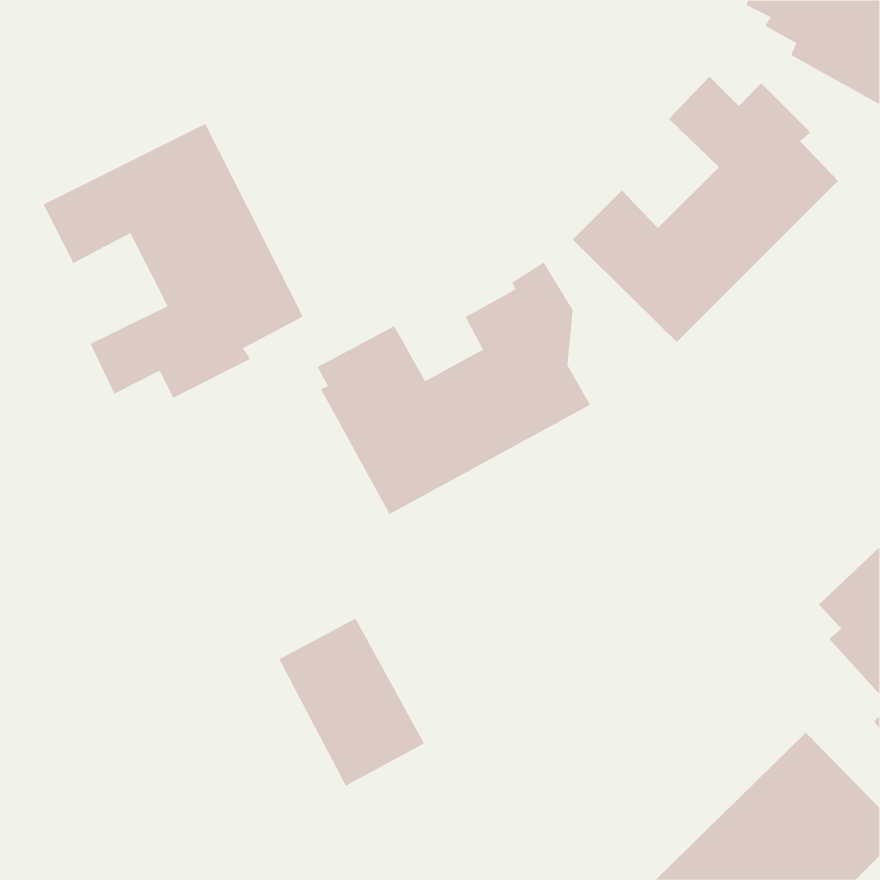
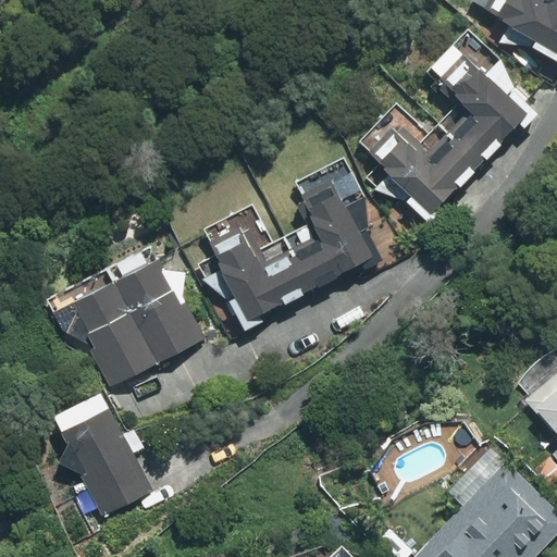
building: [43,123,304,398] -> none
building: none -> [66,260,205,388]
building: [278,618,425,787] -> [57,401,149,508]

